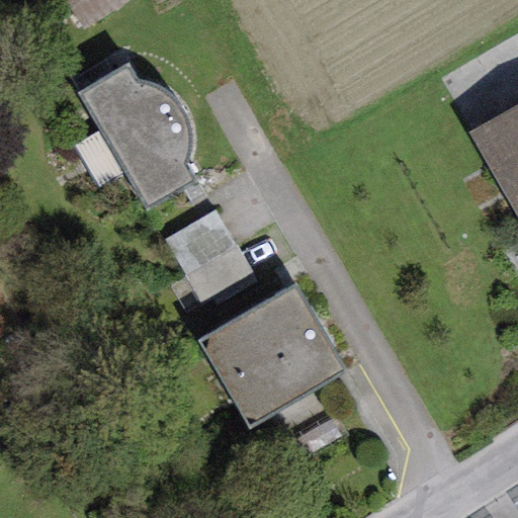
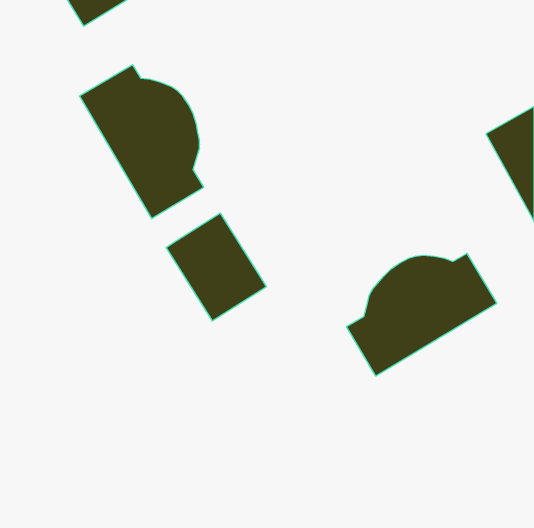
building: none -> [347,253,497,376]
building: [199,284,349,426] -> none

